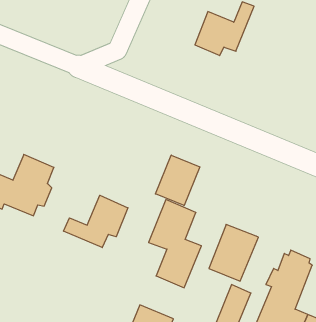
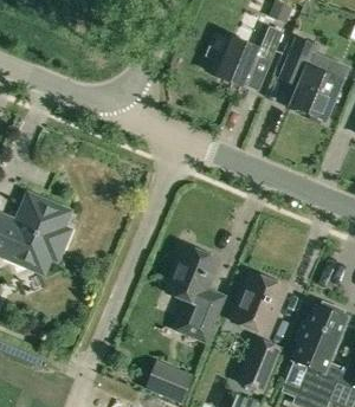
building: none -> [283,38,342,119]
building: [155,155,200,206] -> none
building: [64,195,128,248] -> none

